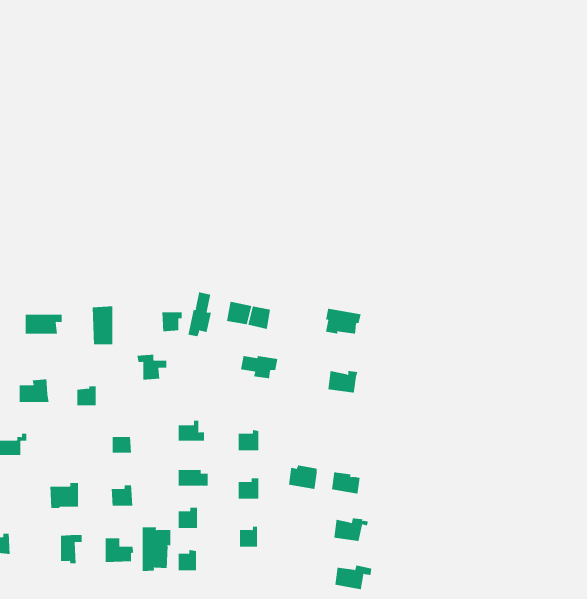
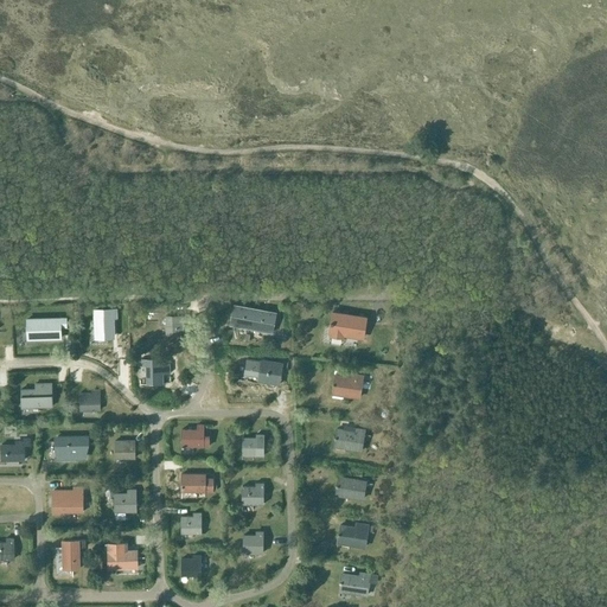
building: [188,292,211,338] -> none
building: none -> [57,437,88,459]
building: [288,465,317,490] -> [334,427,364,452]
building: [142,527,171,572] -> none

